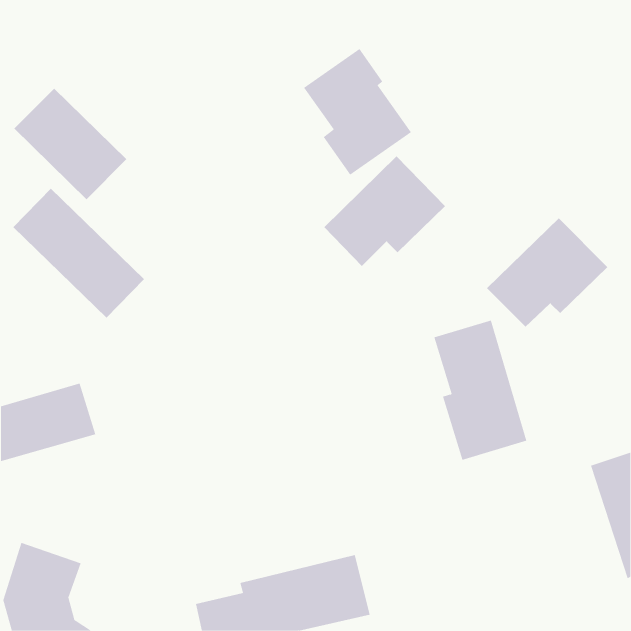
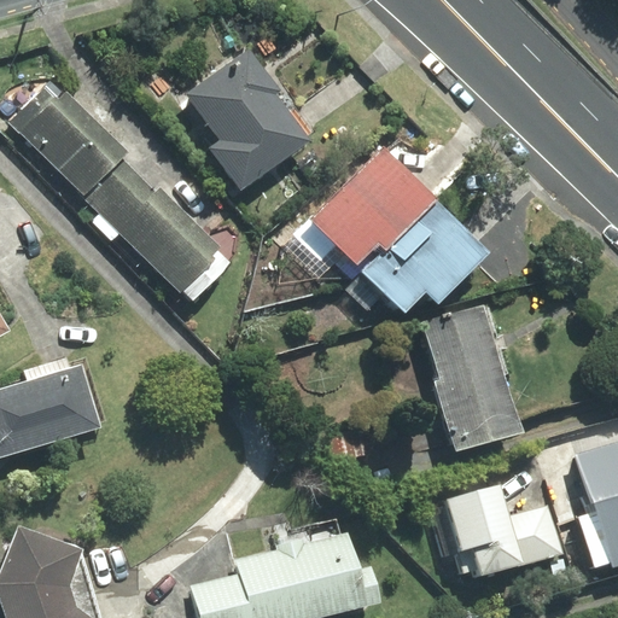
building: [303,48,412,175] -> [196,58,302,182]
building: [13,188,145,319] -> [93,163,222,291]
building: [486,218,608,328] -> [365,203,484,310]
building: none -> [443,489,562,579]

